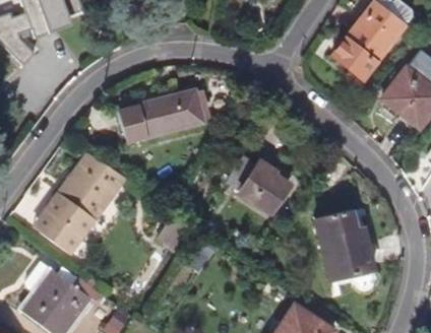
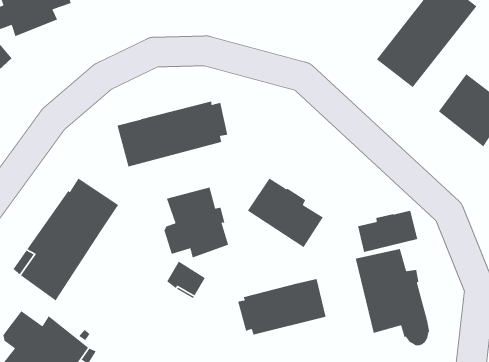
building: none -> [163,187,229,259]
building: none -> [357,210,418,253]
building: none -> [237,278,327,335]

